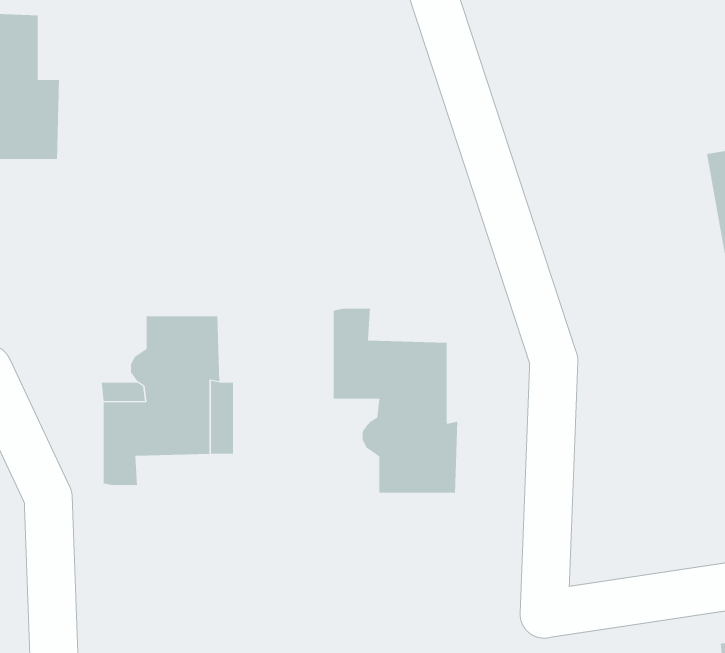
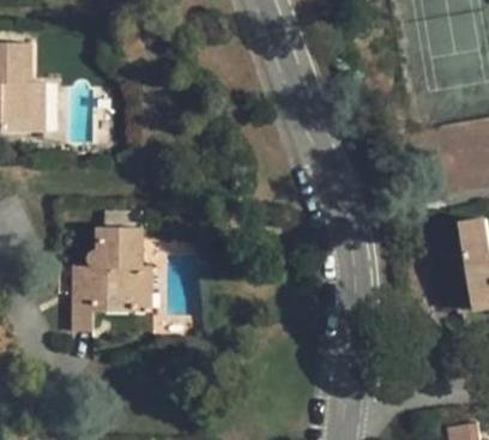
building: [333,308,458,493] -> none

